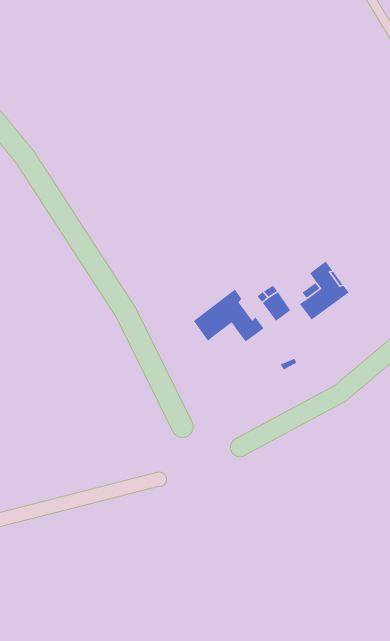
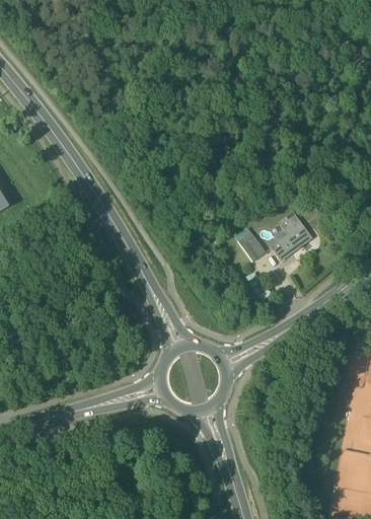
building: [193,289,265,342] -> none

